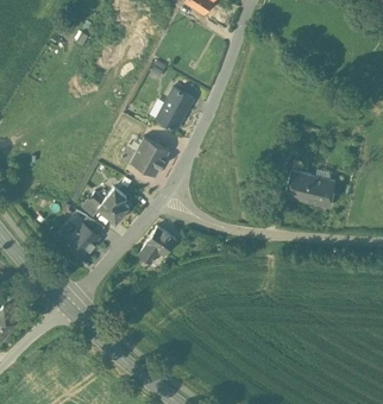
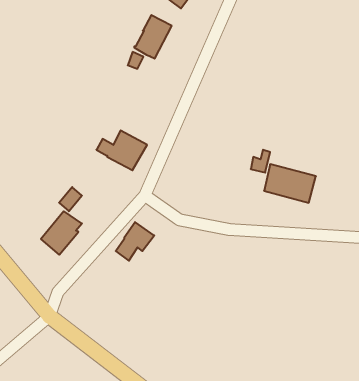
building: [157,87,194,130] -> [134,15,172,59]
building: [100,187,130,222] -> none

